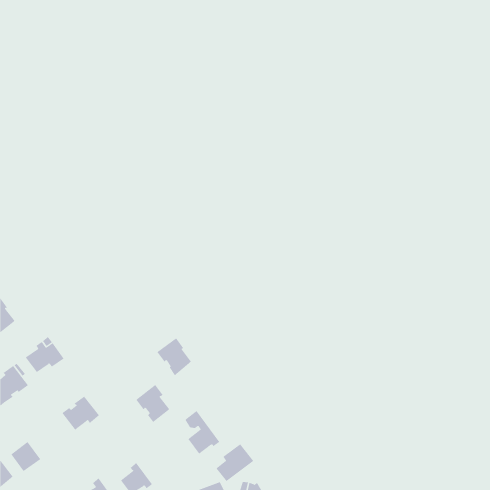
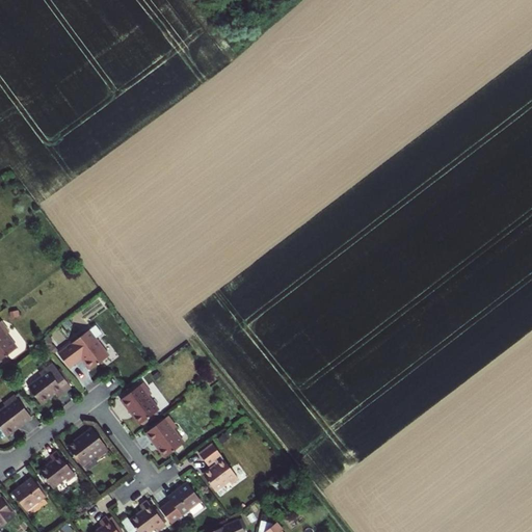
building: none -> [57,326,108,371]
building: [156,338,192,376] -> [121,384,159,426]
building: none -> [38,452,75,489]
building: [216,443,254,482] -> [160,483,202,525]

